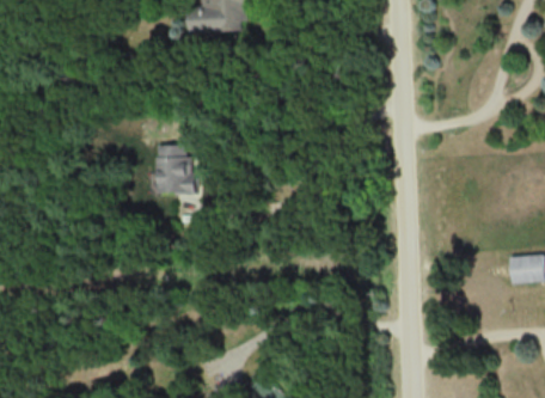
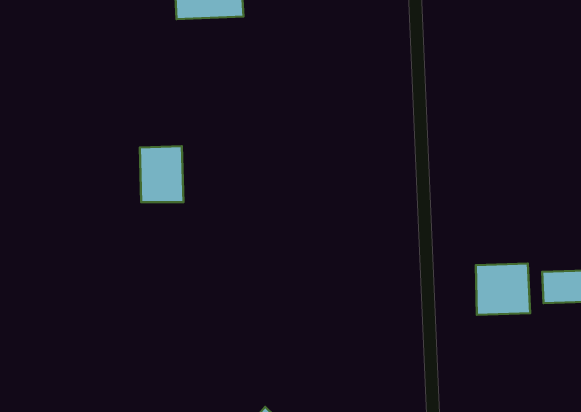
building: none -> [476,264,530,315]

